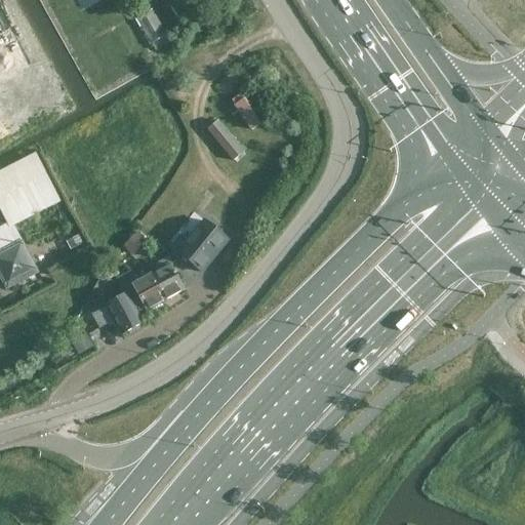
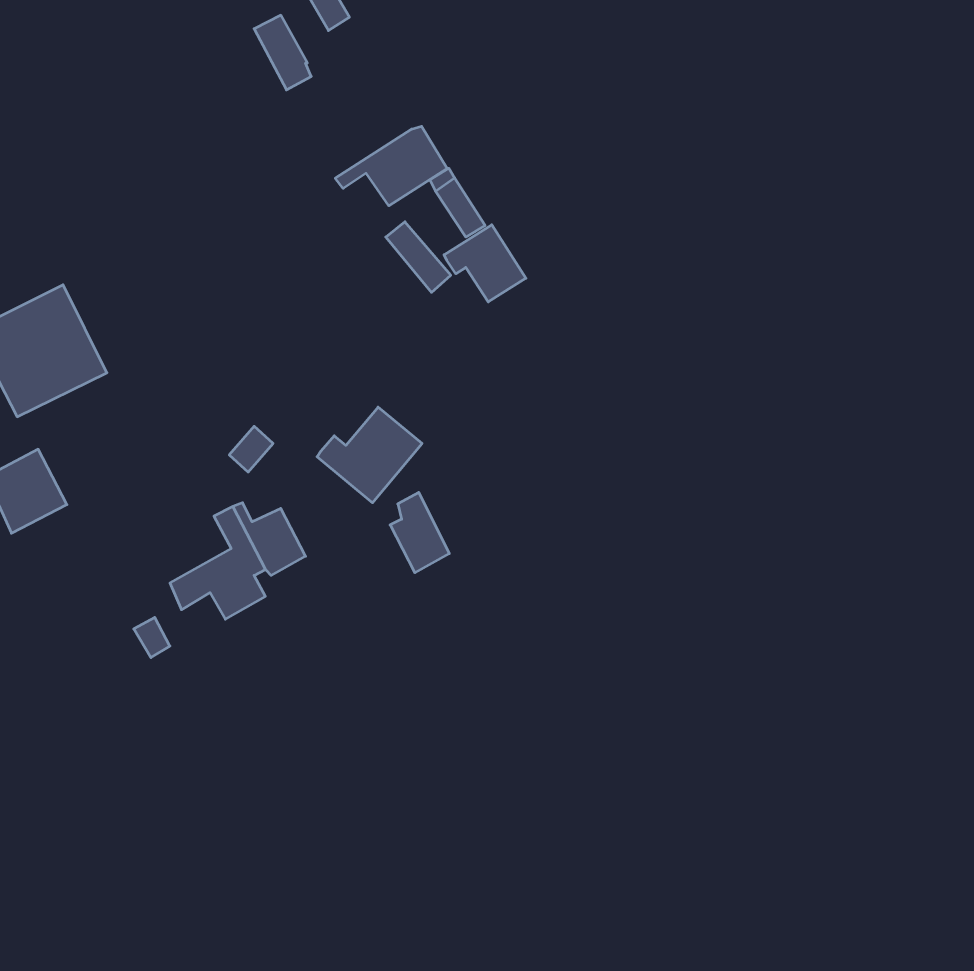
building: none -> [335,126,447,206]
building: none -> [444,225,526,302]
building: [151,255,183,298] -> [390,492,449,573]

